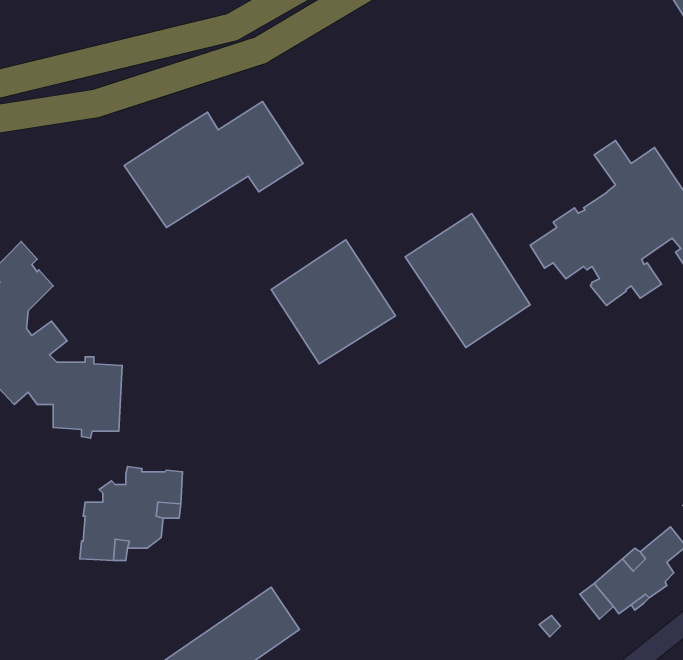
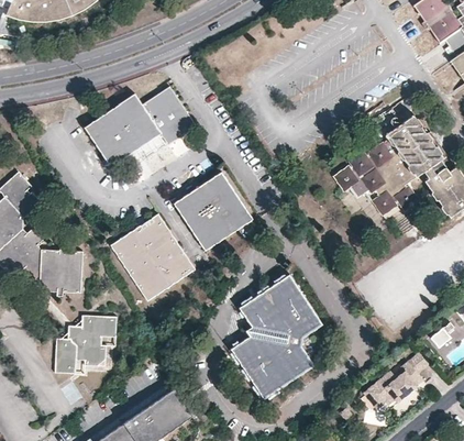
building: [405,213,530,348] -> none
building: none -> [111,214,194,300]
building: none -> [231,274,322,398]

